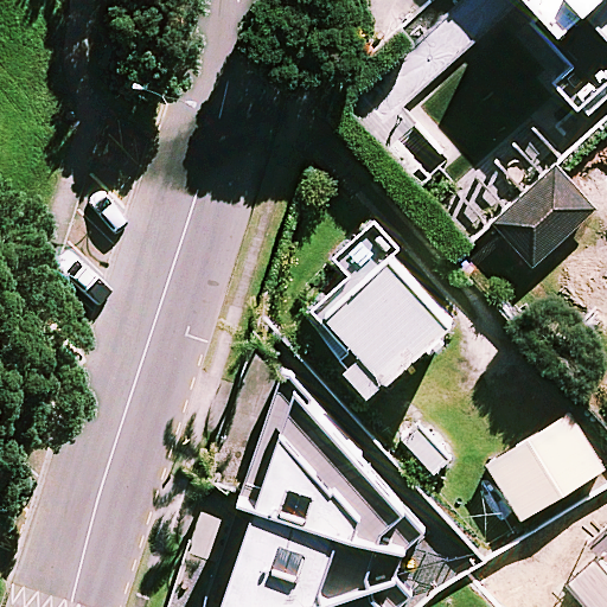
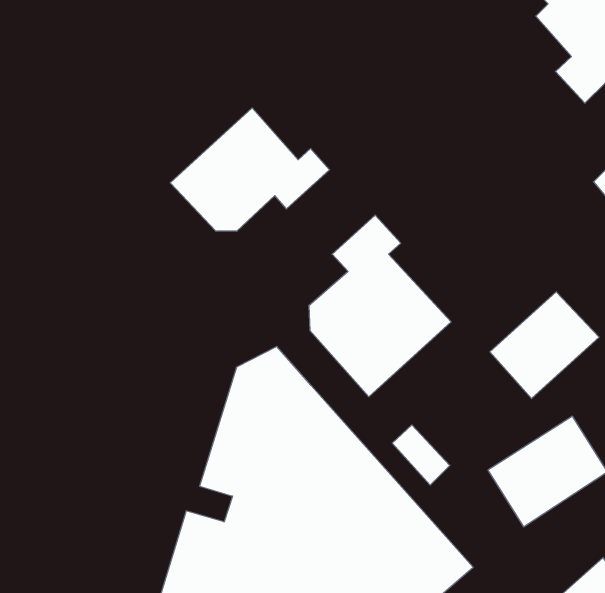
building: none -> [170,108,330,231]
building: [488,170,594,273] -> [490,292,599,399]

